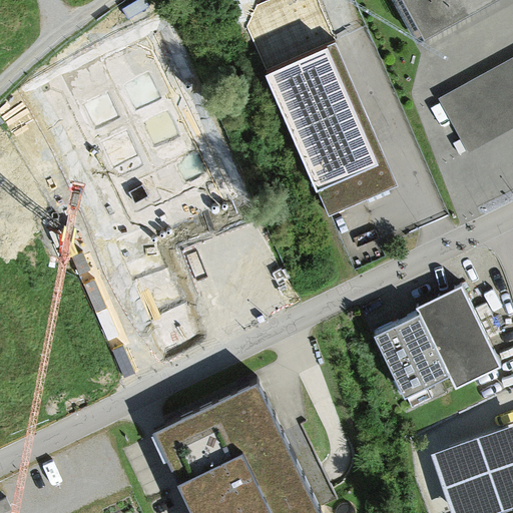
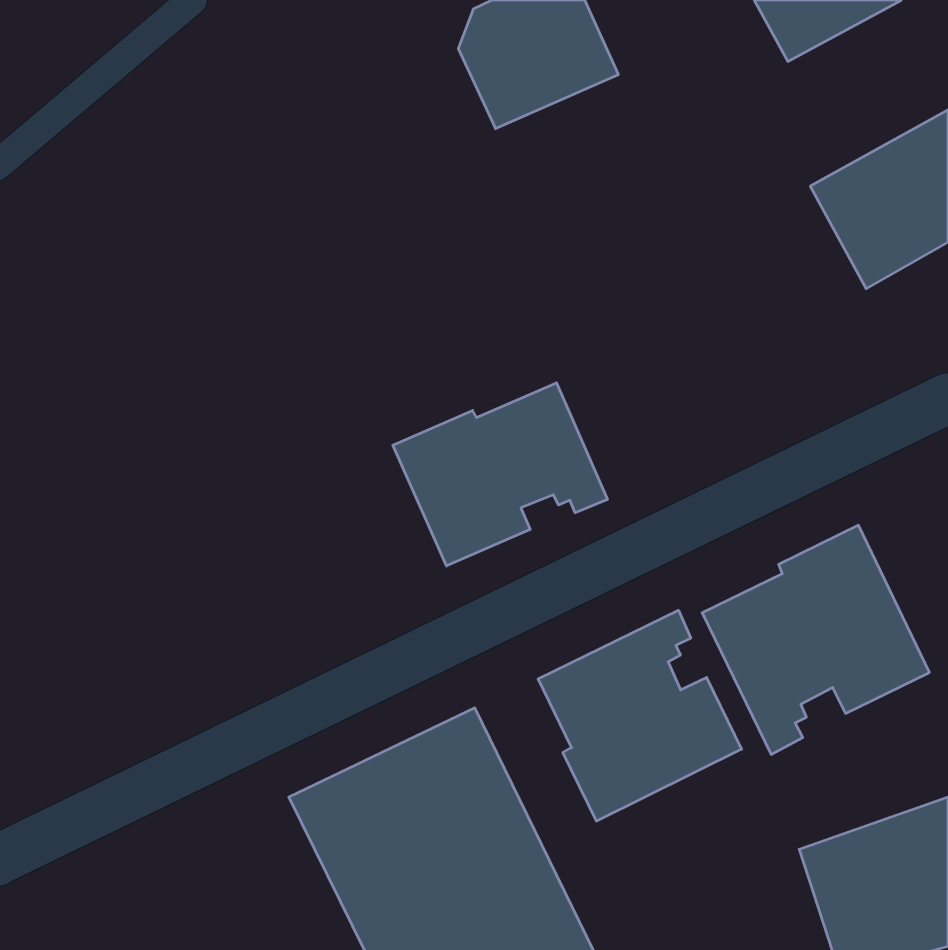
building: [264,46,395,215] -> none
building: none -> [393,383,607,566]
building: none -> [538,610,742,821]

